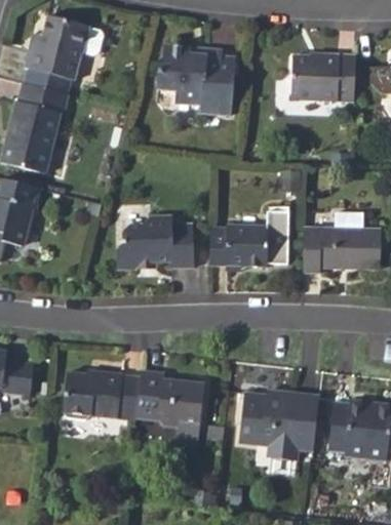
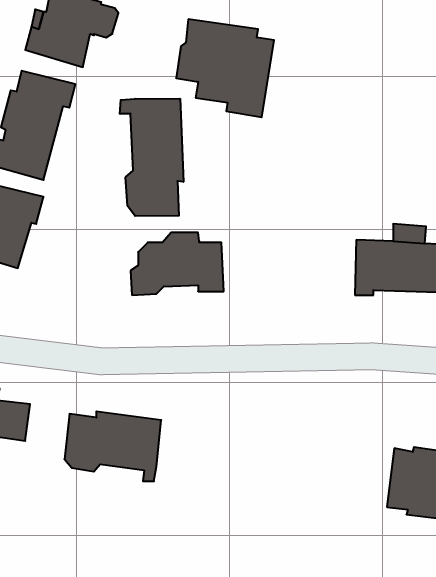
building: [285,52,355,100] -> none
building: none -> [120,99,183,216]
building: [209,211,286,269] -> none
building: [136,368,204,442] -> none
building: [239,389,319,457] -> none

